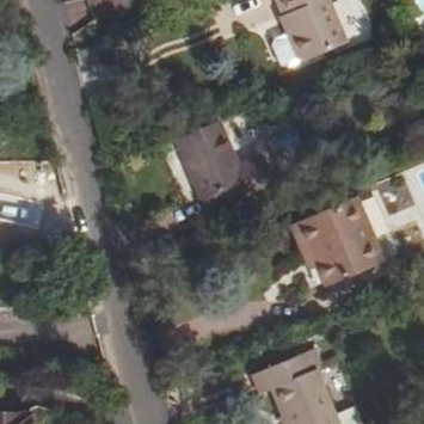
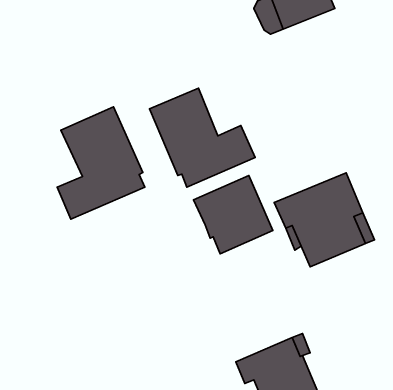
building: none -> [57,107,145,219]
building: none -> [193,175,273,254]

